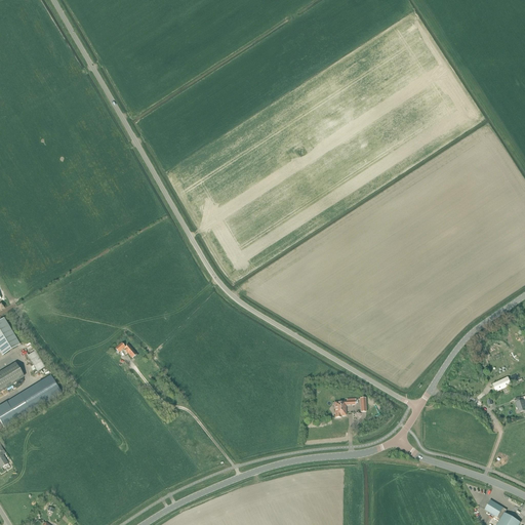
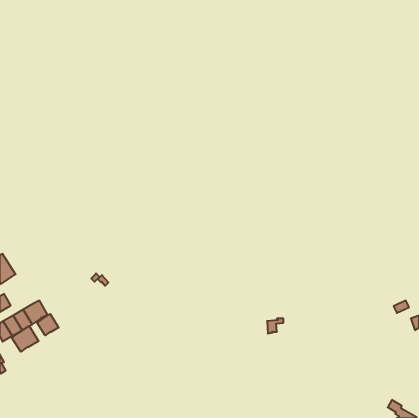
building: none -> [37,314,59,335]
building: none -> [12,326,39,352]

